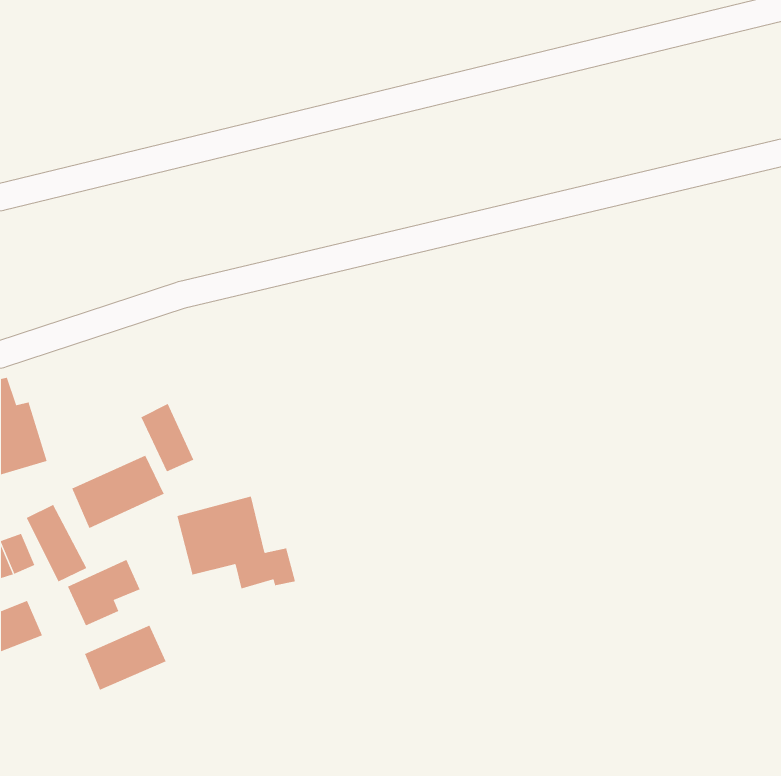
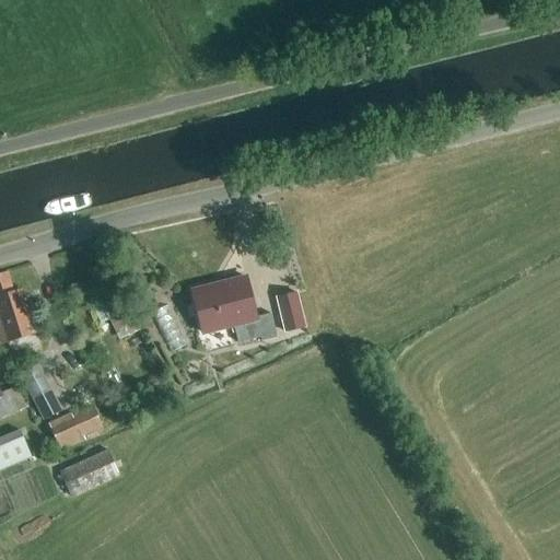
building: none -> [276,291,305,330]
building: [72,455,164,529] -> none
building: [177,496,296,589] -> [191,275,277,341]

